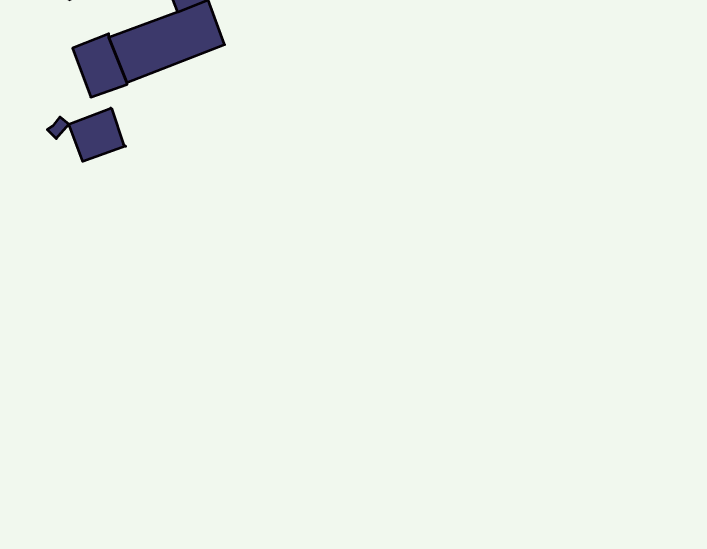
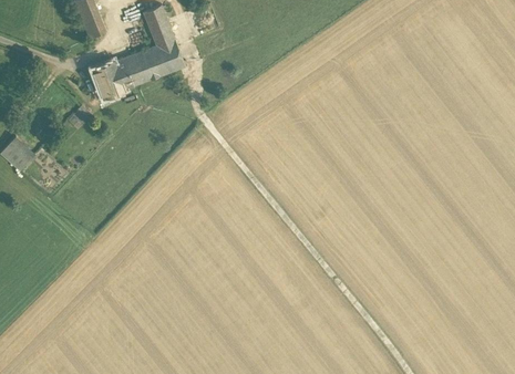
building: [69,108,126,161] -> none

